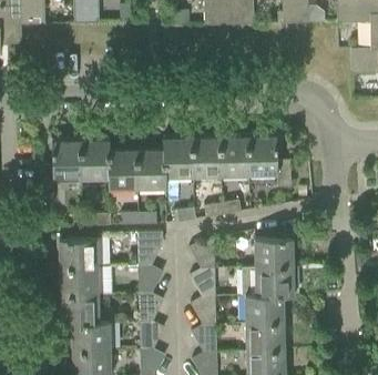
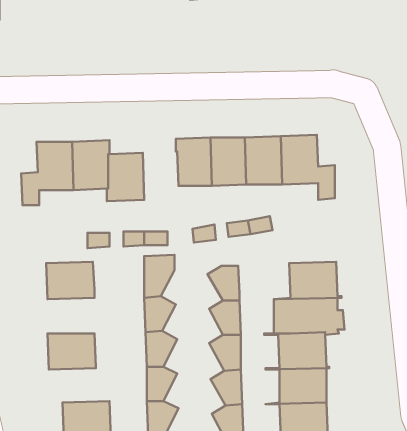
building: [136,149,166,188] -> none
building: [60,266,111,295] -> none
building: [61,321,110,351] -> none

